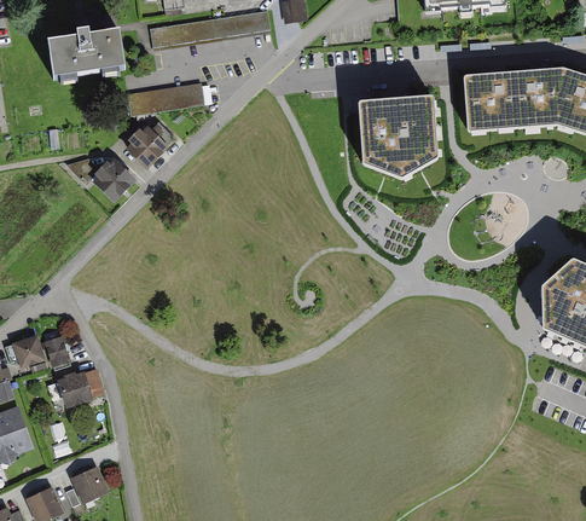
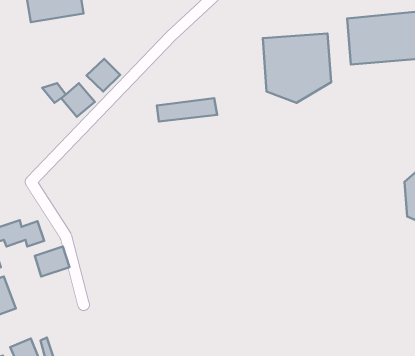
building: [126,83,203,114] -> [157,98,217,121]
building: [72,467,109,502] -> none

